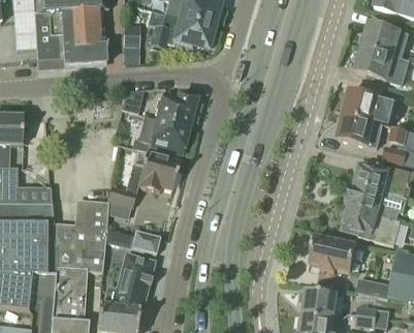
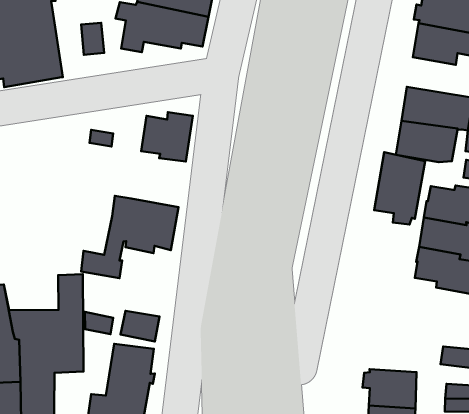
building: [131,118,188,151] -> none
building: none -> [374,152,425,225]
building: [309,235,356,272] -> none

